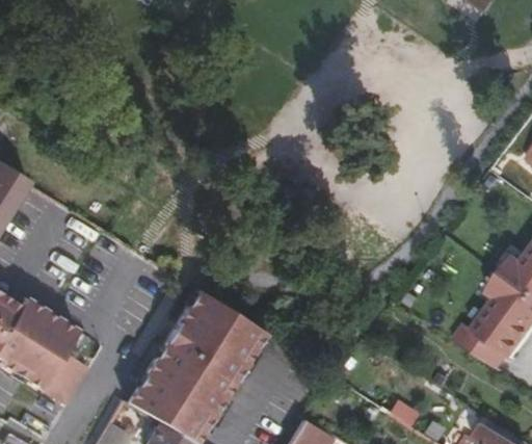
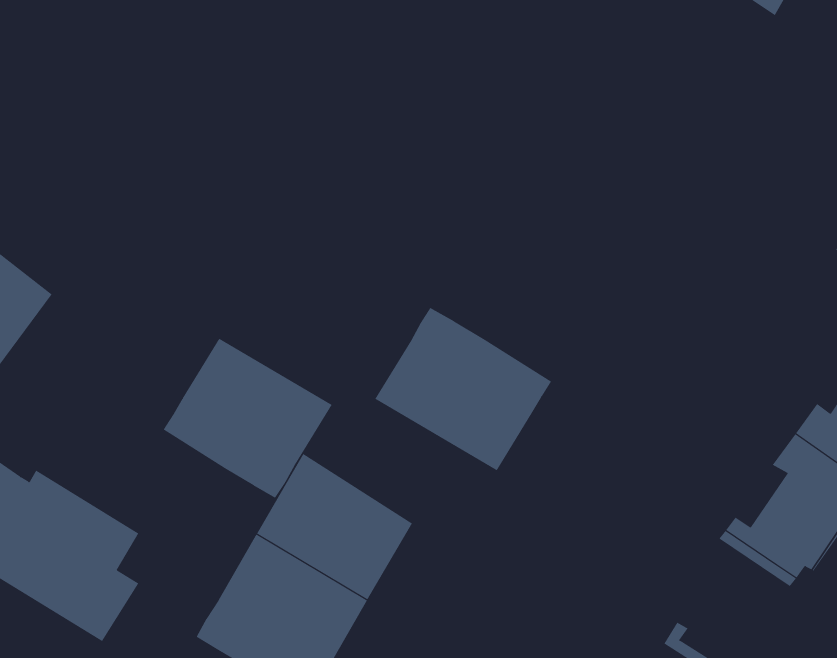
building: none -> [375,307,552,471]
building: none -> [163,338,332,499]

